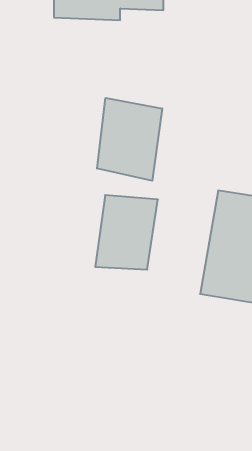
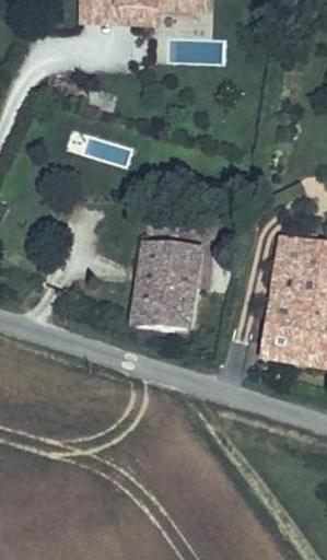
building: [97,98,162,181] -> none

